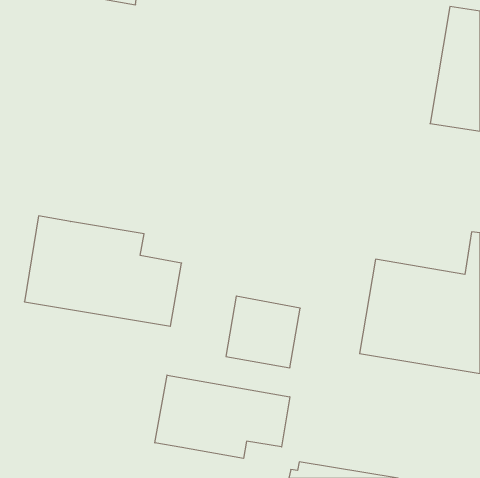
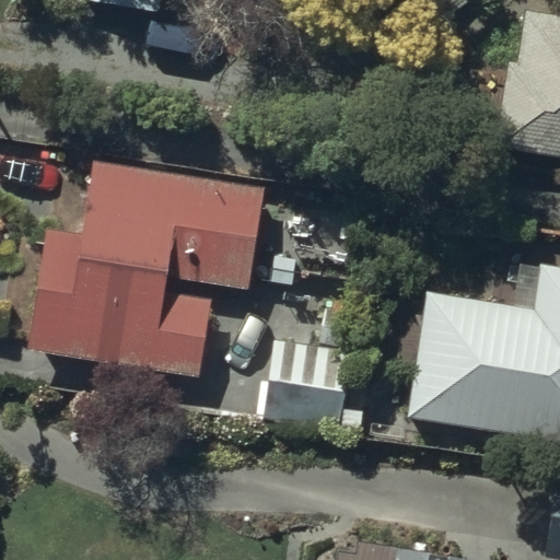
building: none -> [82,165,262,285]
building: [155,375,290,458] -> none

